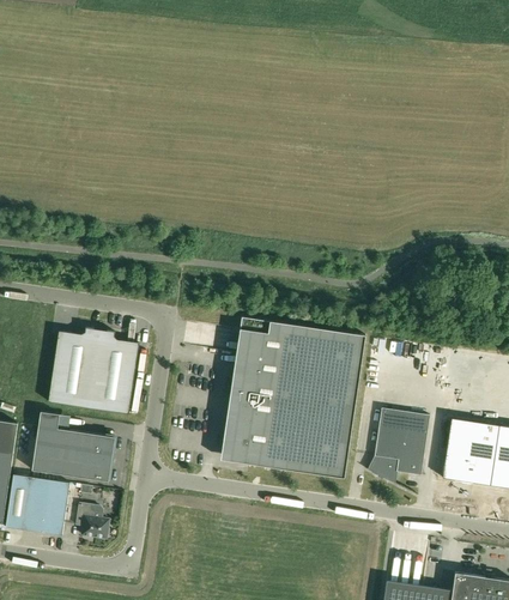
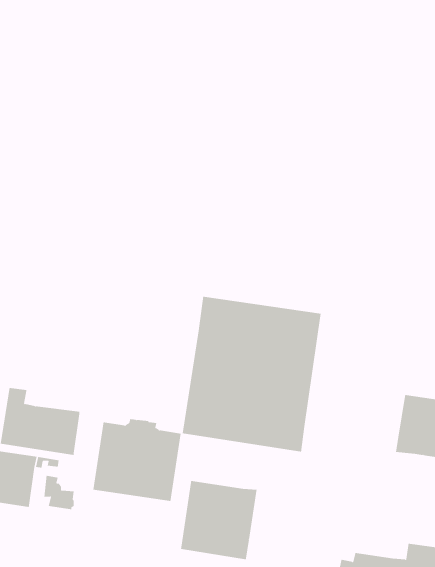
building: [47,327,139,413] -> [93,418,181,501]
building: [364,407,429,483] -> none
building: none -> [180,480,257,560]

